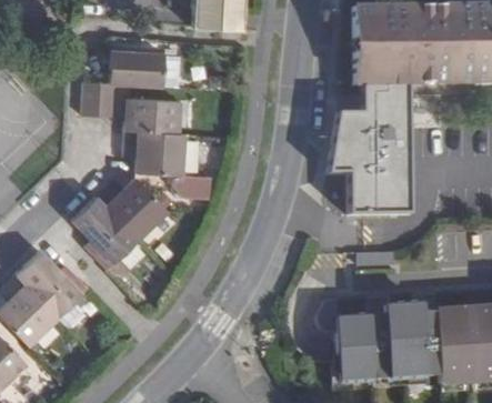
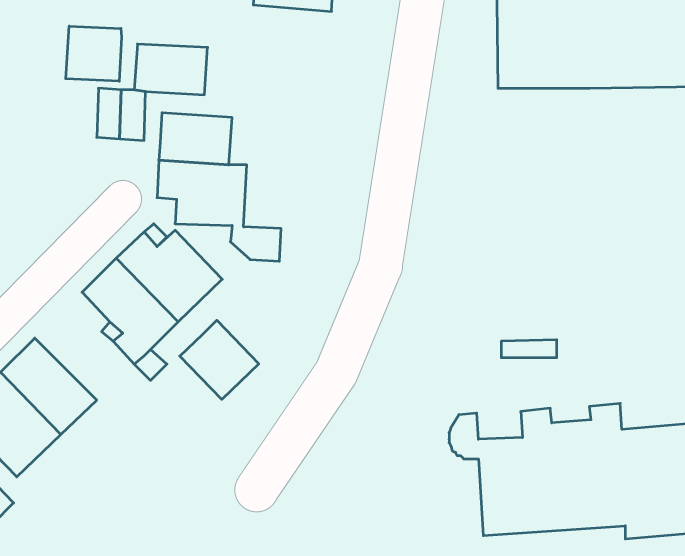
building: none -> [66,26,122,81]
building: [327,81,418,216] -> none
building: none -> [180,320,259,399]

